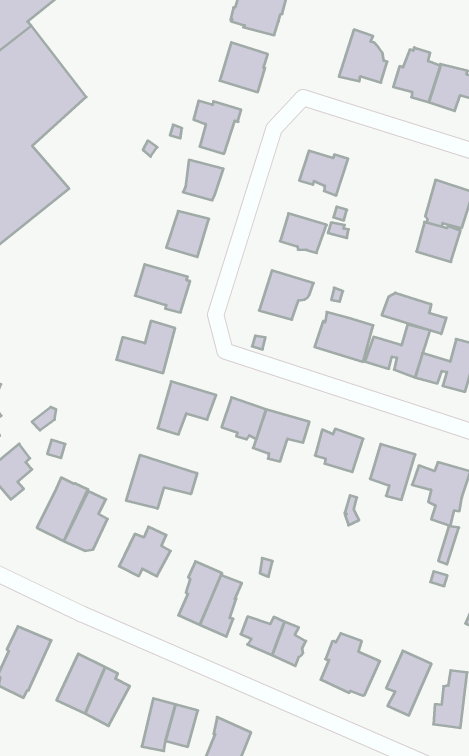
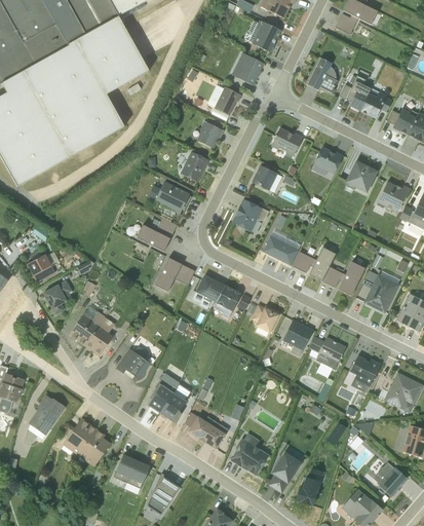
building: [416,222,460,262] -> [313,146,343,174]
building: [382,293,446,334] -> none
building: [126,455,197,509] -> none

